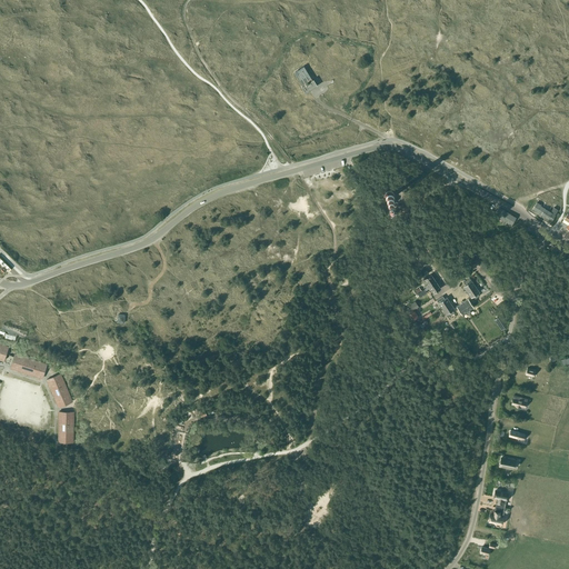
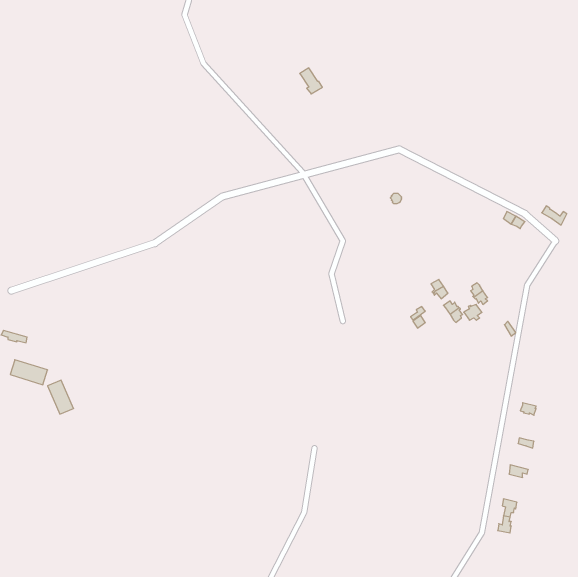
building: [58,412,73,443] -> none

